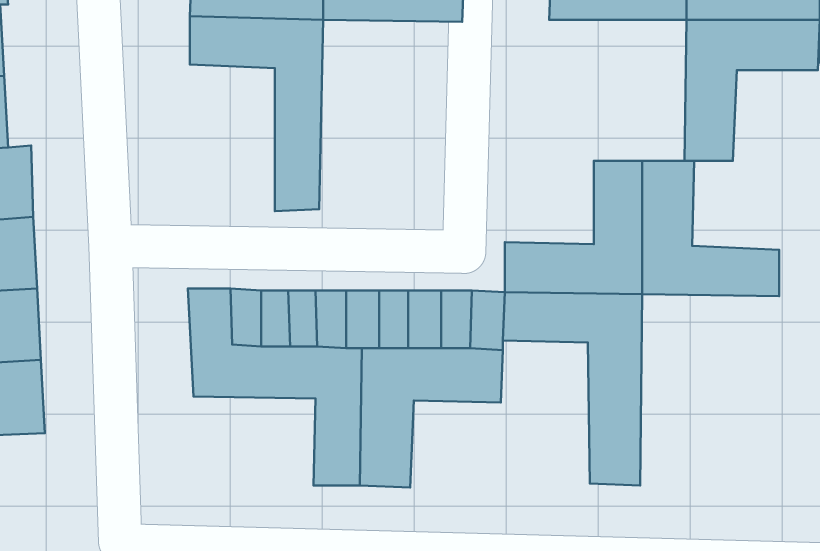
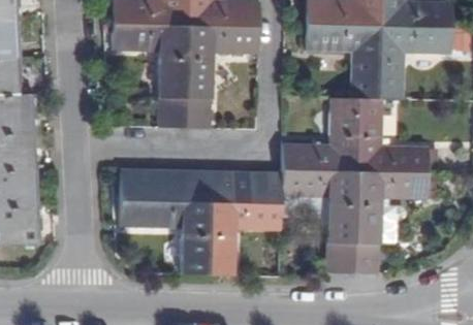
building: none -> [183,27,259,129]
building: none -> [305,27,379,102]
building: none -> [354,173,429,275]

